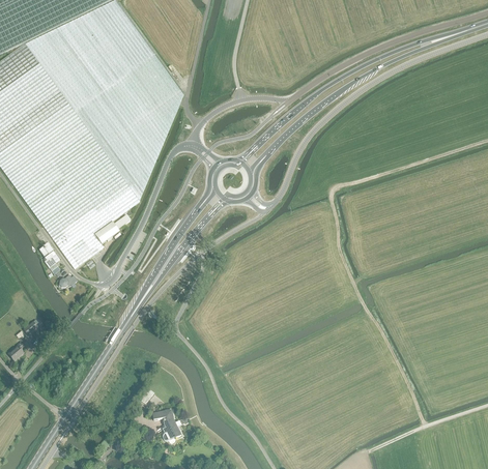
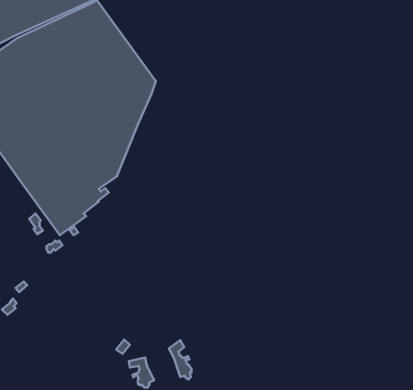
building: none -> [169,340,192,379]

